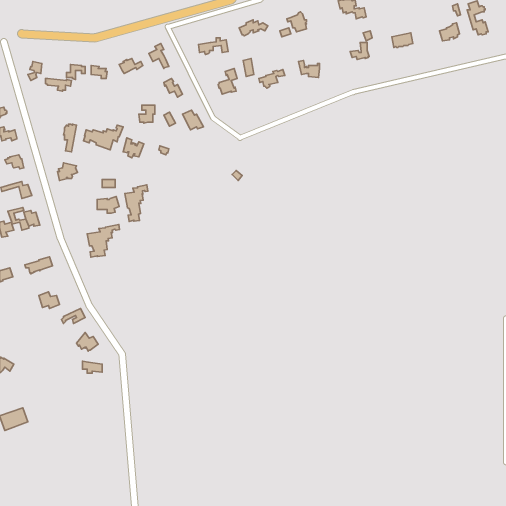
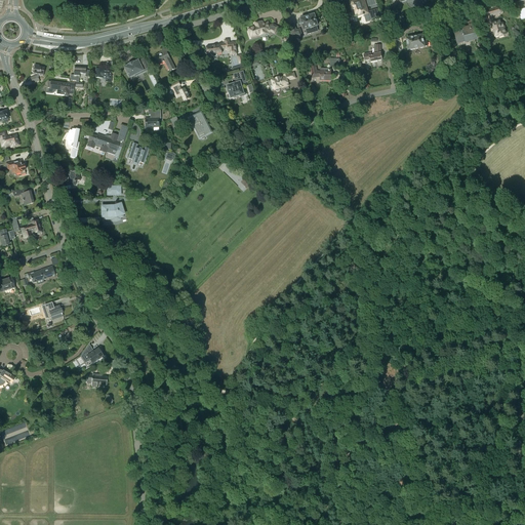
building: [125,185,148,221] -> none
building: [87,224,120,257] -> none

